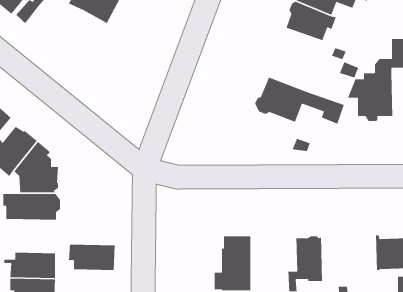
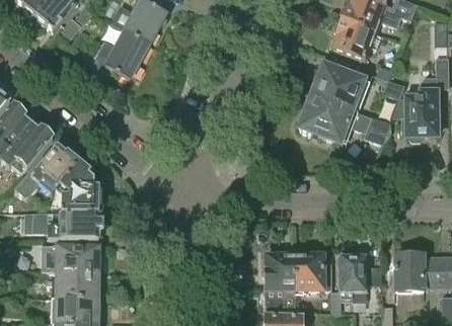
building: none -> [90,29,150,79]
building: none -> [311,64,364,110]
building: none -> [295,254,330,289]
building: none -> [395,254,421,291]
building: [68,244,115,271] -> [52,245,99,272]

